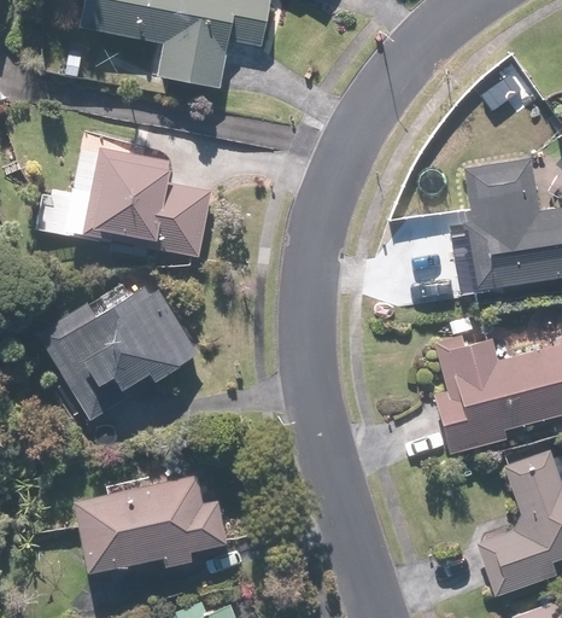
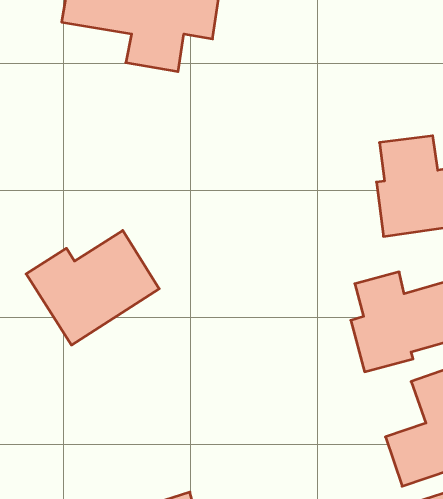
building: [68,146,210,256] -> none
building: [70,473,226,577] -> none

